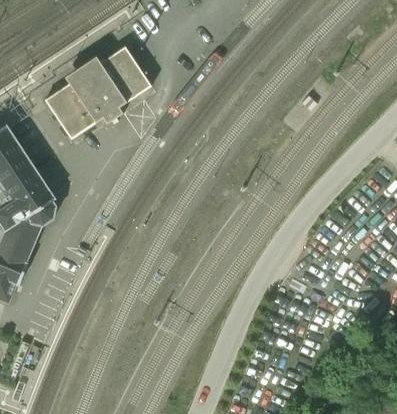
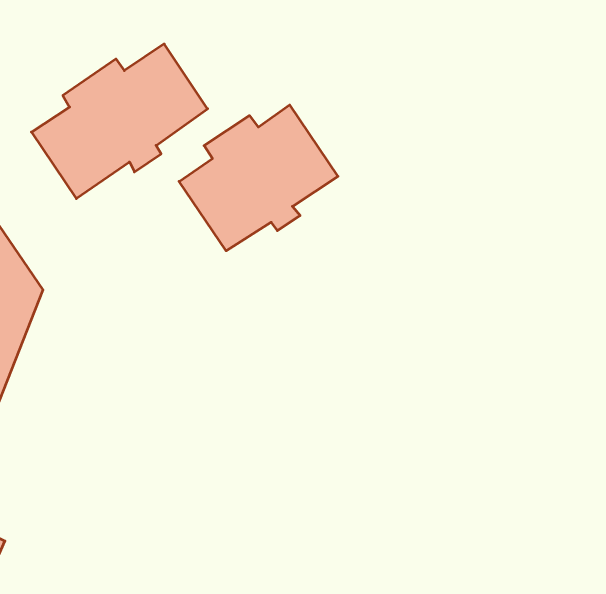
building: none -> [179,105,338,251]

